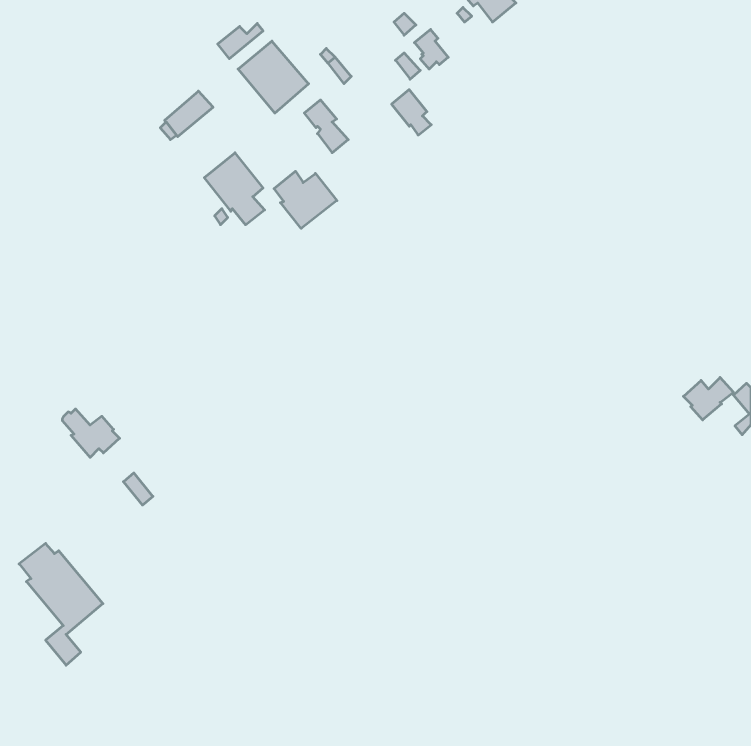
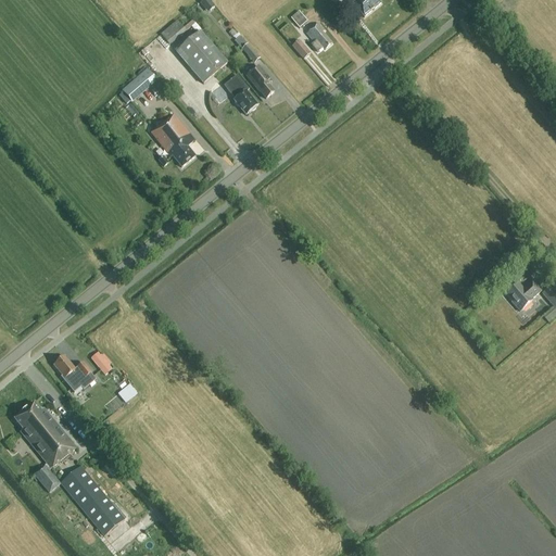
building: [392,90,431,135] -> [245,64,275,98]
building: [274,171,337,228] -> none
building: [62,409,120,457] -> [54,355,97,391]
building: none -> [60,465,125,535]

